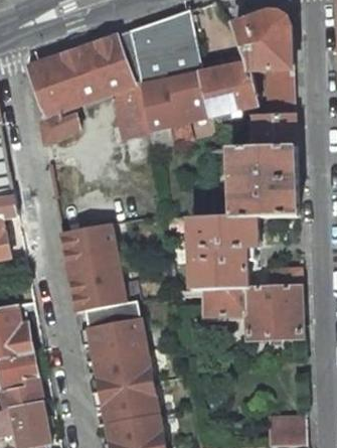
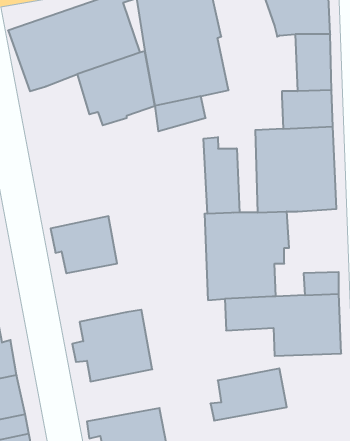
building: [199,61,259,115] -> none
building: [40,112,78,143] -> none
building: none -> [204,137,239,214]
building: [70,259,124,309] -> none
building: [88,346,151,390] -> [210,368,287,421]

